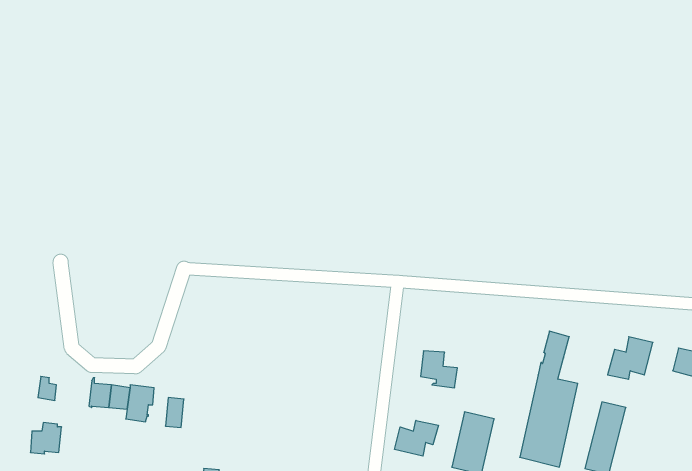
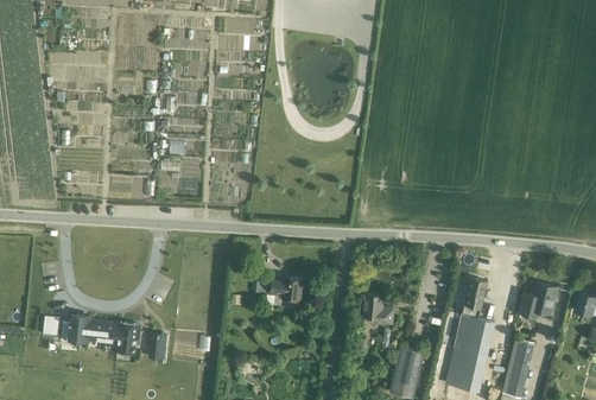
building: none -> [271,277,304,300]
building: [395,420,438,456] -> none
building: [30,423,62,454] -> [62,316,88,342]

